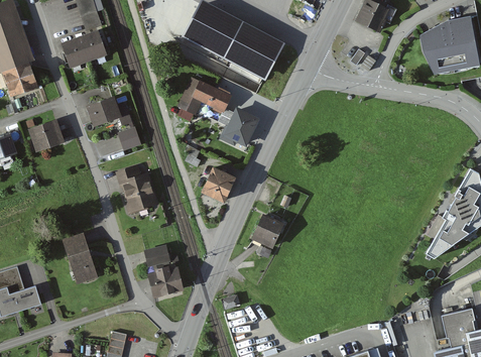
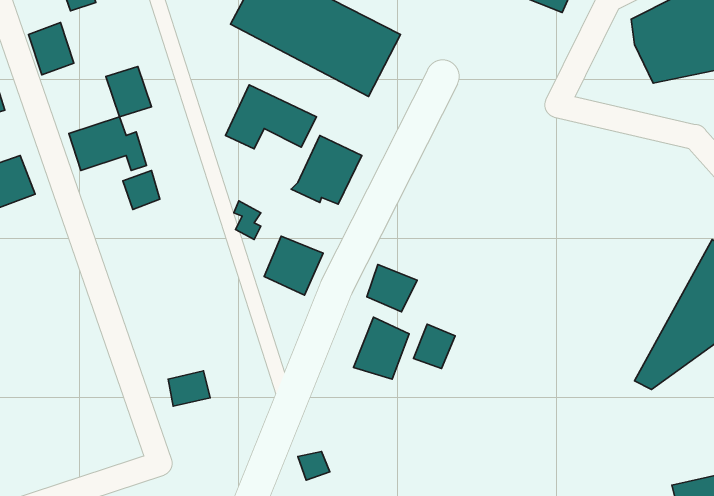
building: [80,32,107,63] -> [106,66,151,117]
building: [115,165,158,214] -> none
building: none -> [367,264,417,312]
building: none -> [414,324,455,369]
building: [63,235,97,284] -> none
building: [147,268,183,300] -> none

